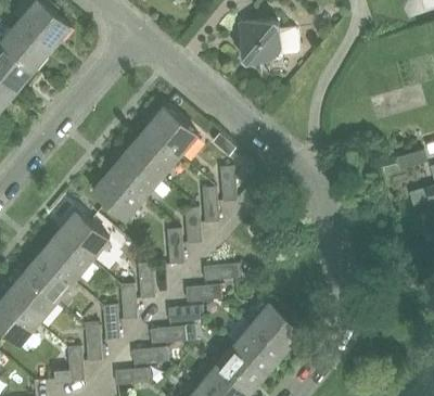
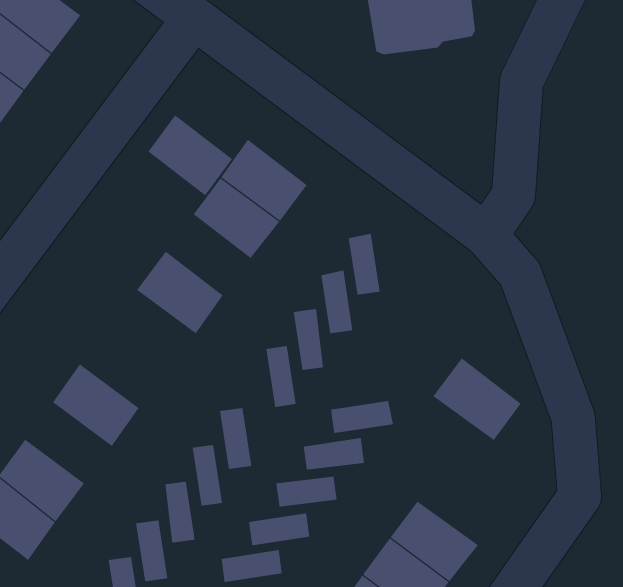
building: [111,148,161,196] -> [147,115,233,196]
building: [56,210,108,259] -> none
building: [22,253,73,302] -> none
building: [250,302,302,352] -> [432,358,522,441]

